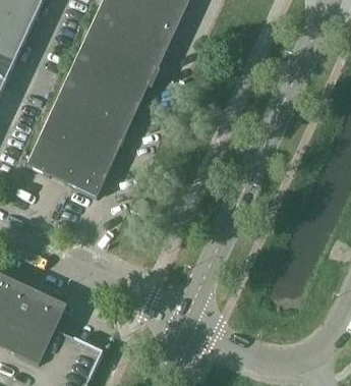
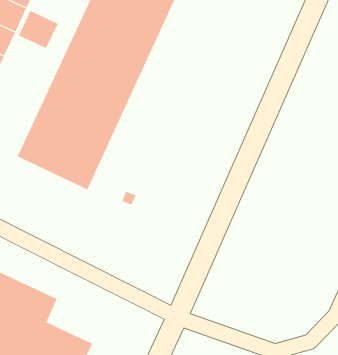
building: none -> [18,10,58,49]

